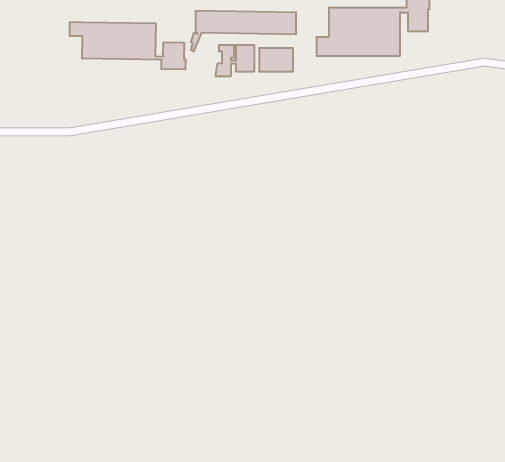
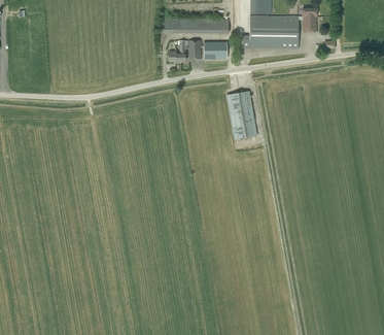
building: [70,22,185,70] -> none
building: none -> [225,90,255,138]

